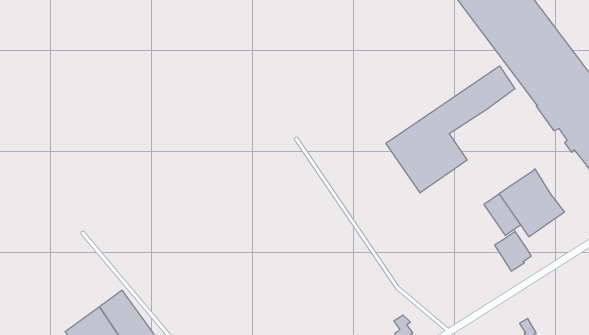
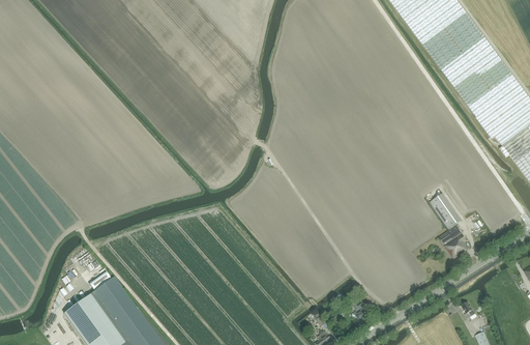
building: [386,66,515,193] -> none
building: [499,169,565,237] -> none

